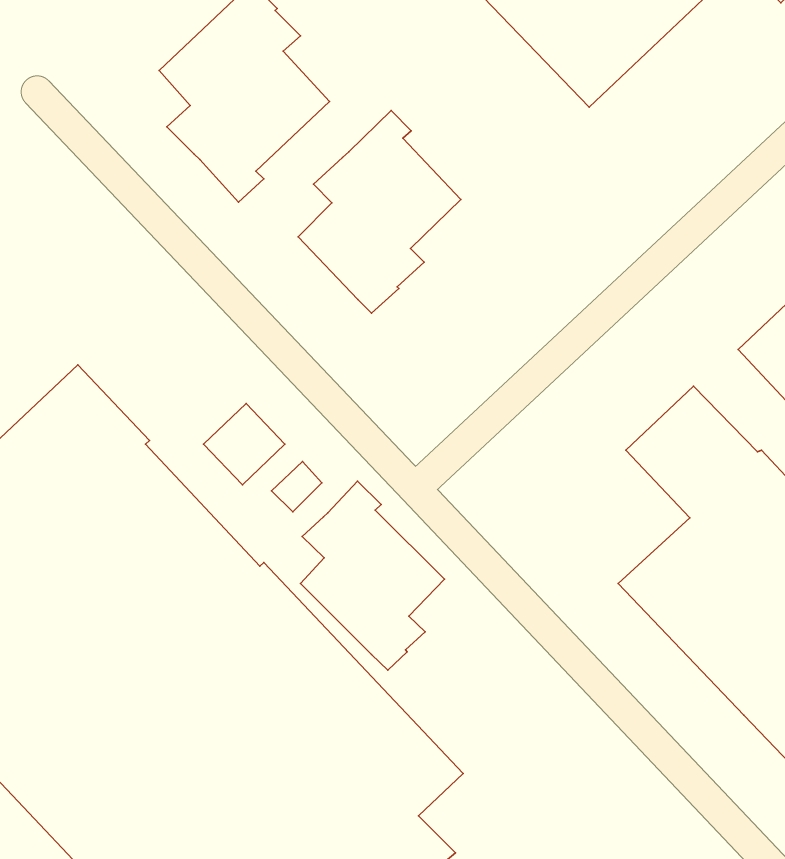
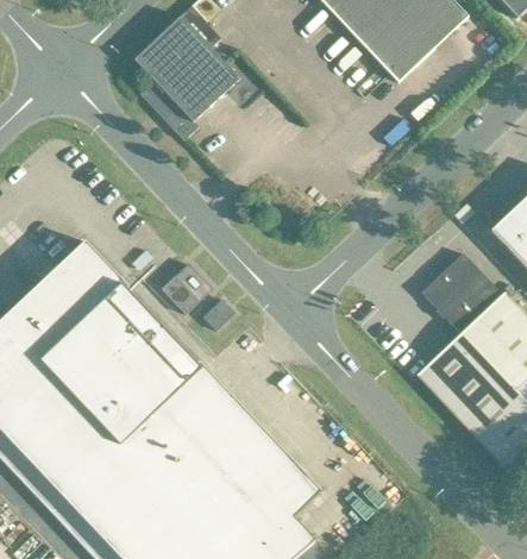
building: [298,110,461,313] -> none
building: [300,481,444,670] -> none

